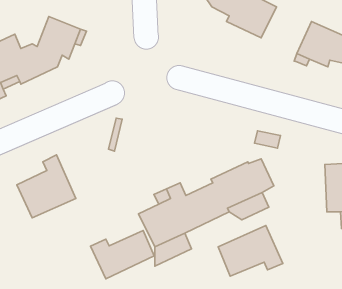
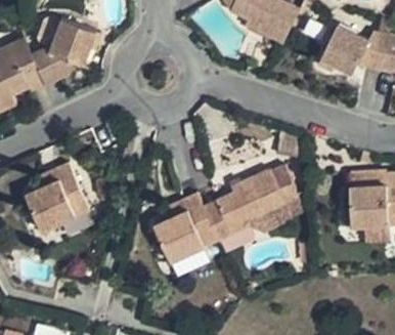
building: [218,226,283,276] -> none
building: [90,231,154,279] -> none

